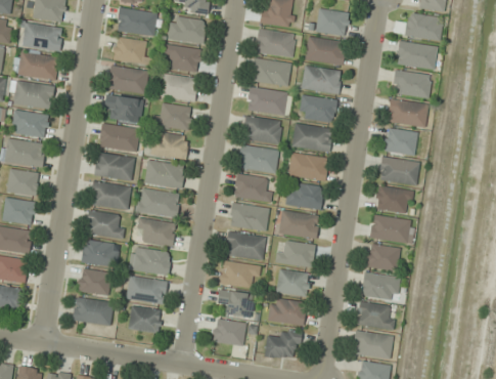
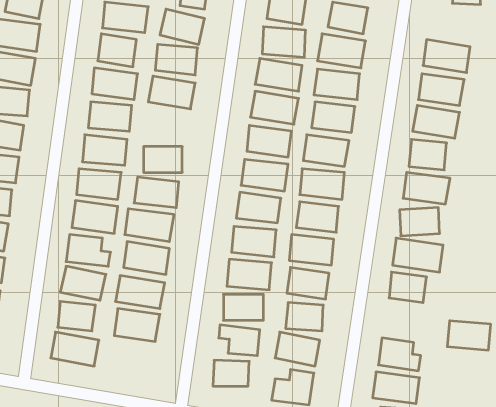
building: [394,12,443,40] -> none
building: [151,103,191,131] -> none
building: [361,273,399,299] -> [447,321,491,350]
building: [128,305,163,334] -> none

